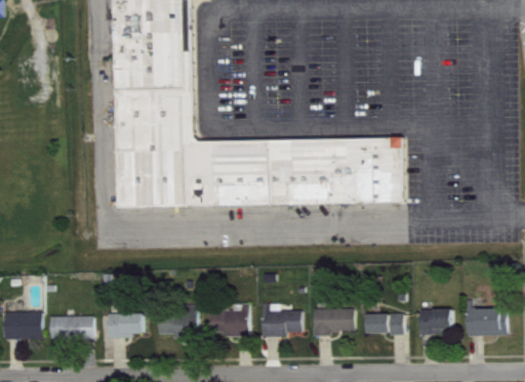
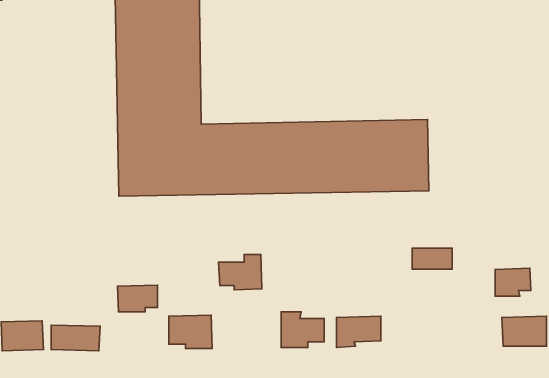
building: [210,305,250,338] -> [219,254,262,290]
building: [420,310,453,336] -> [495,268,531,296]
building: [108,314,145,339] -> [117,285,157,312]
building: [367,315,404,335] -> [412,248,452,269]

